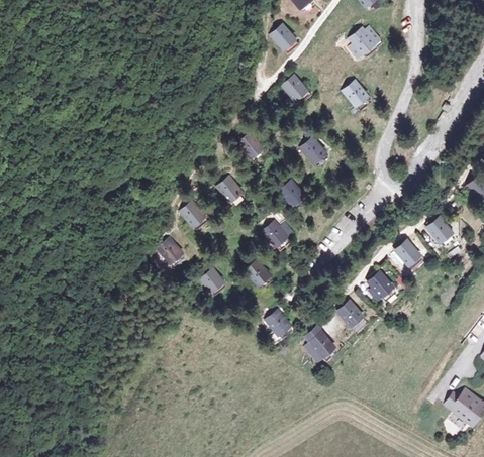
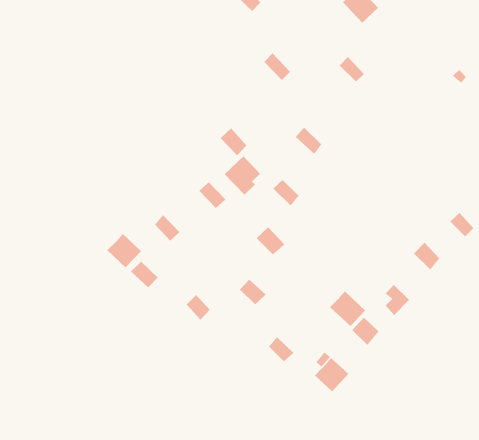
building: none -> [224,155,261,196]
building: none -> [107,233,142,268]
building: none -> [329,291,366,327]

